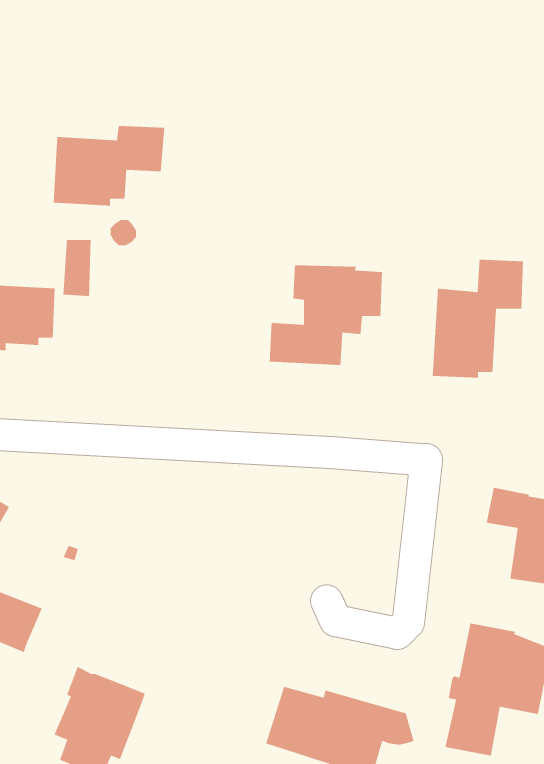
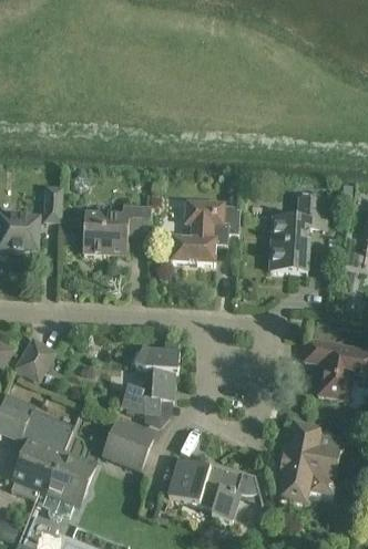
building: [53,125,165,207] -> [82,206,151,256]
building: none -> [14,339,54,381]
building: none -> [121,341,178,414]
building: none -> [10,412,71,500]
building: none -> [102,422,153,469]

